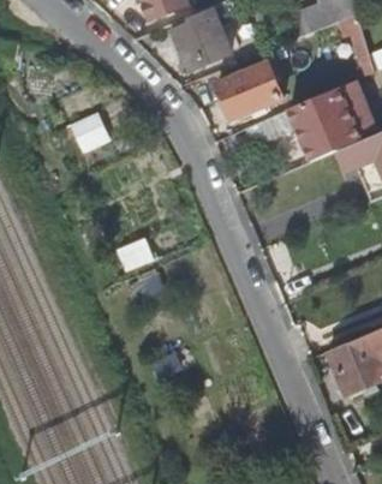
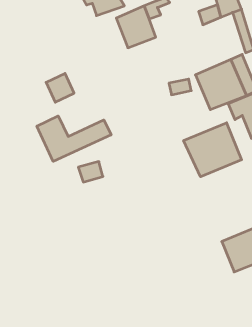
building: [219,60,285,115] -> none
building: none -> [37,116,111,161]
building: none -> [184,123,242,177]

